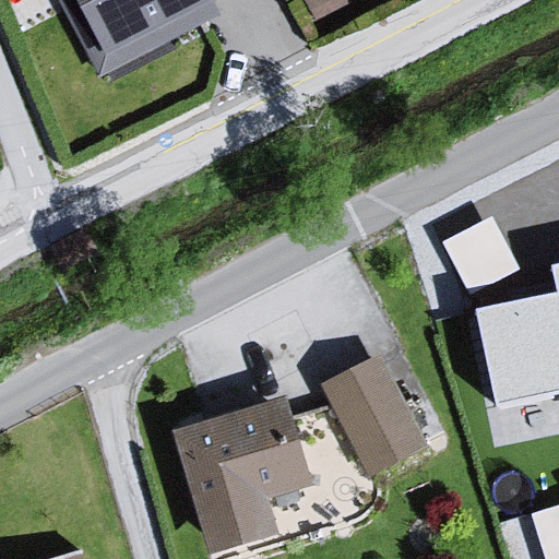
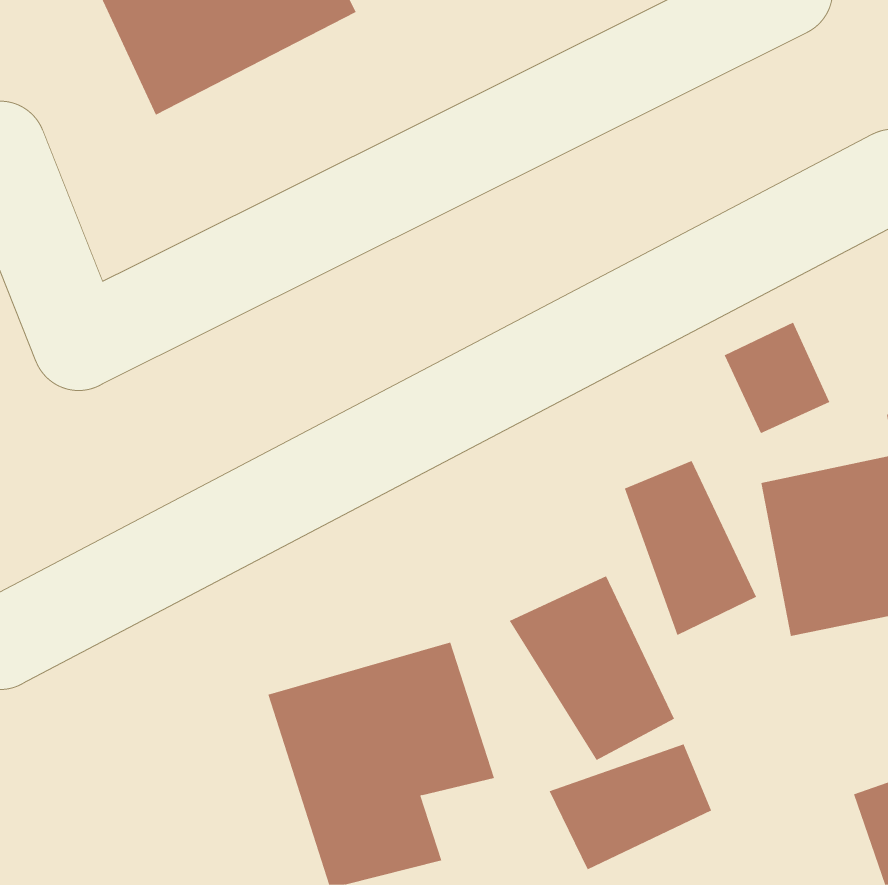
building: none -> [624,460,757,636]
building: none -> [549,744,712,870]

